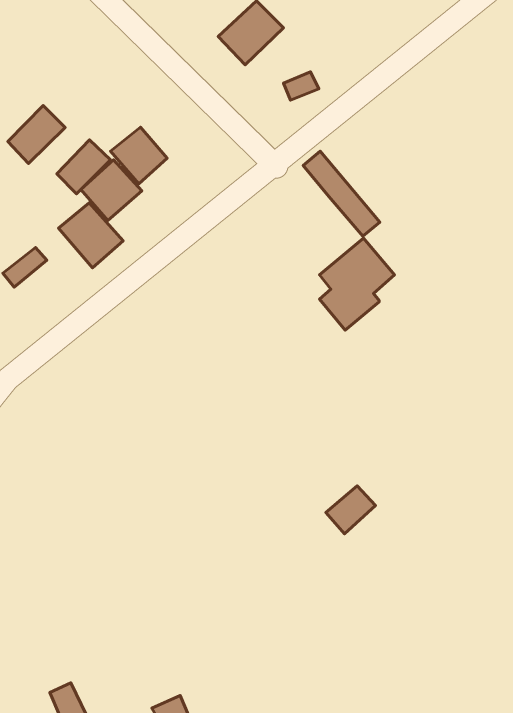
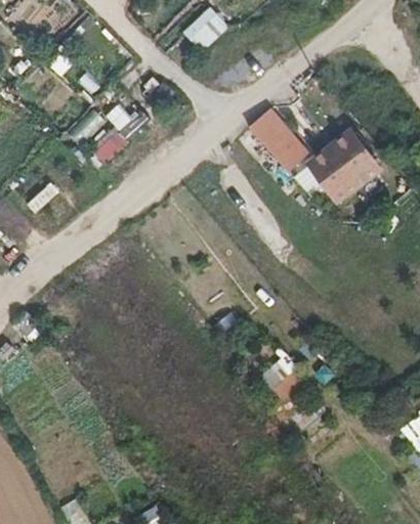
building: [8,106,65,164] -> none
building: [58,203,123,268] -> none
building: [320,238,395,330] -> [320,133,374,200]

